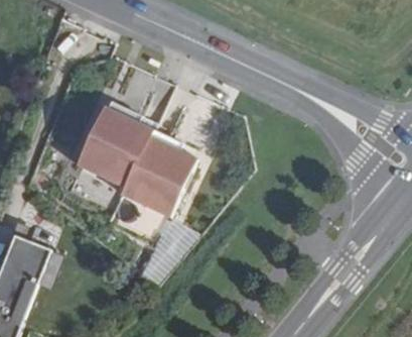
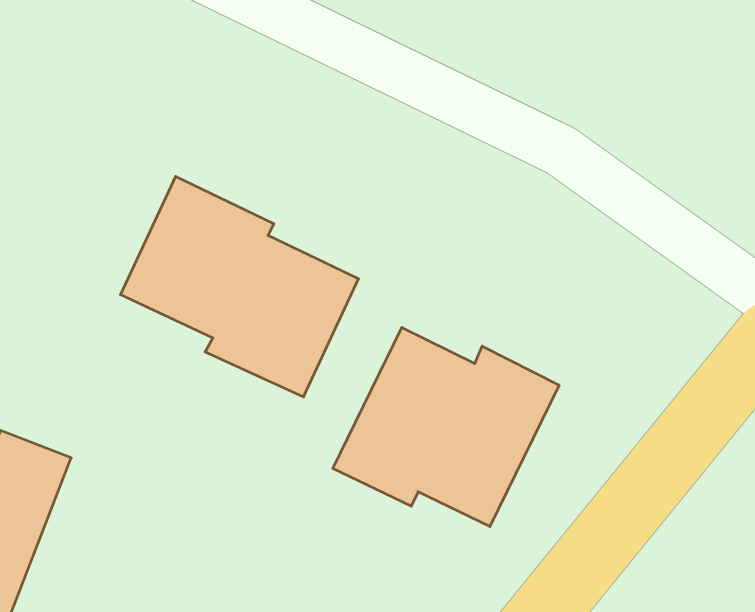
building: none -> [333,327,559,527]

